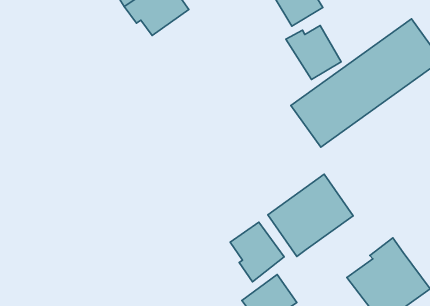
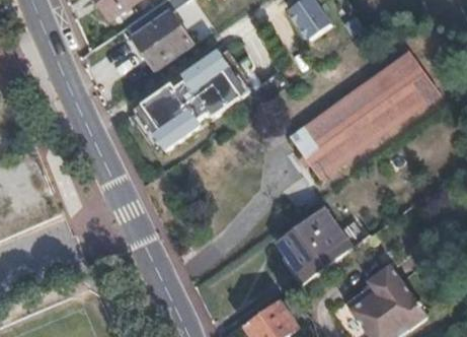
building: none -> [133,48,251,150]
building: [286,26,341,80] -> none
building: [230,222,284,282] -> none

